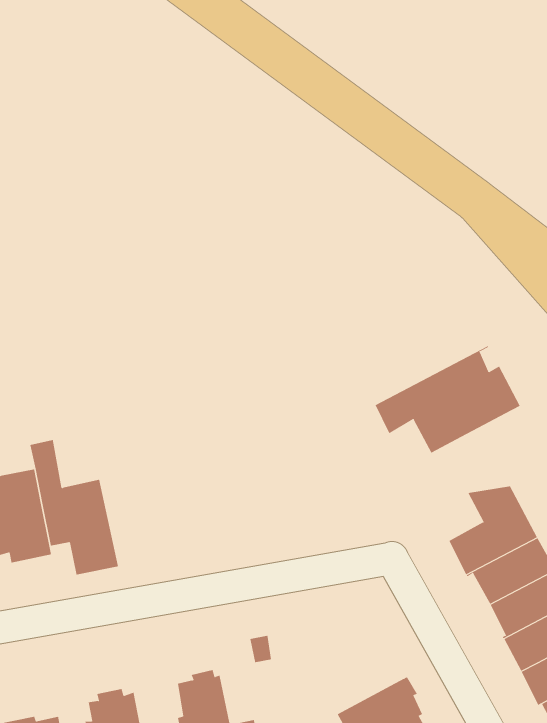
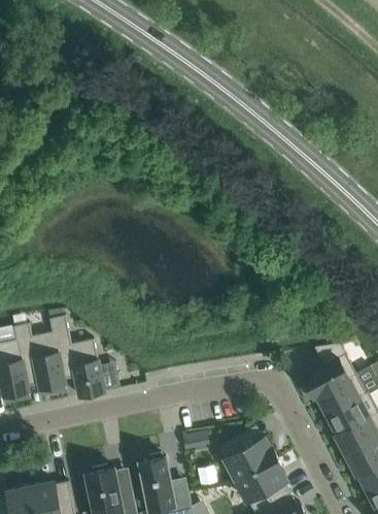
building: [375,346,521,454] -> none
building: none -> [218,426,277,481]

